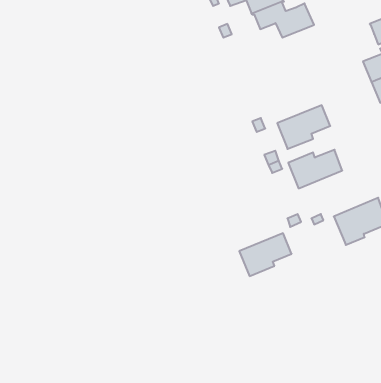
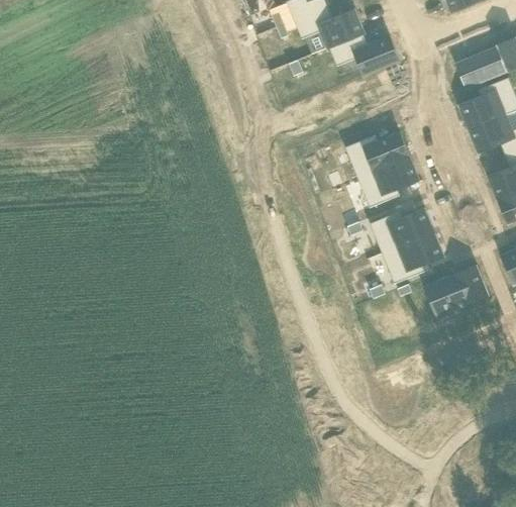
building: none -> [345,131,410,177]
building: [239,233,292,276] -> [383,232,444,283]

